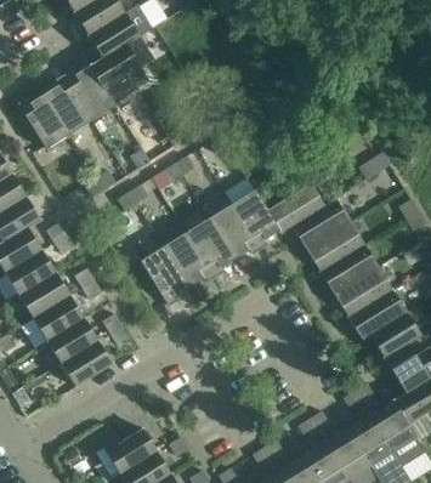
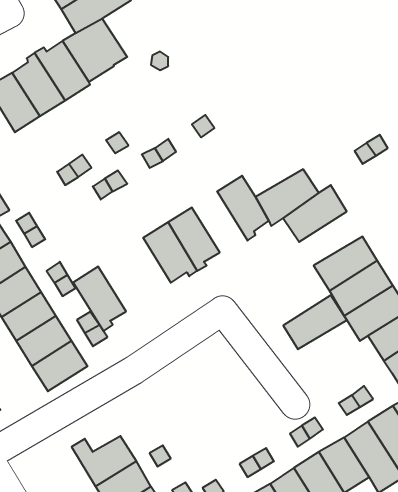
building: [209,204,260,260] -> none
building: [307,222,365,272] -> [283,295,347,349]
building: [141,246,189,306] -> [73,267,126,331]

